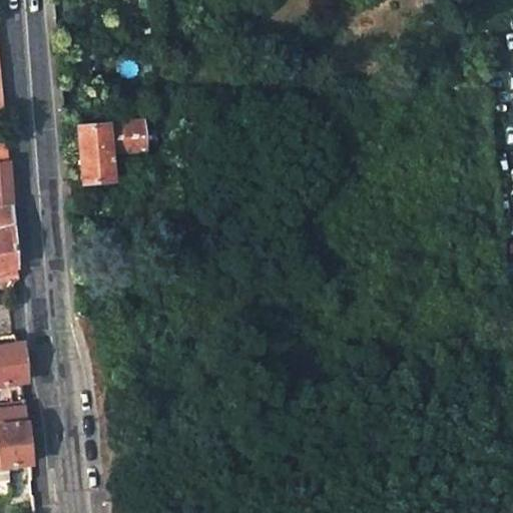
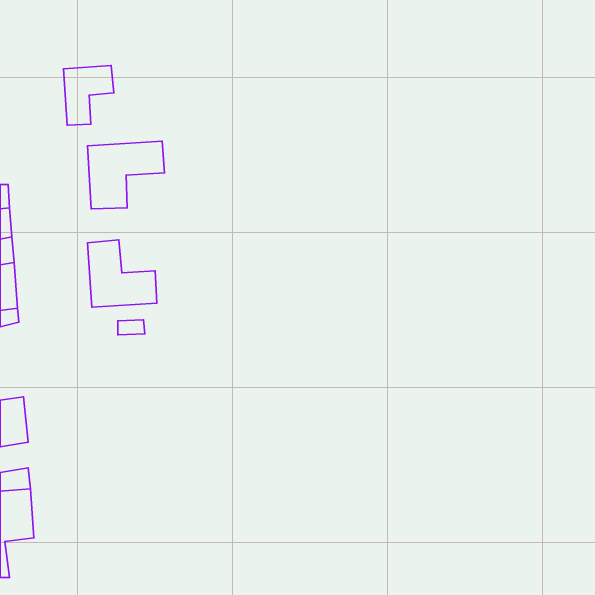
building: none -> [64,66,114,125]
building: none -> [87,240,157,307]

